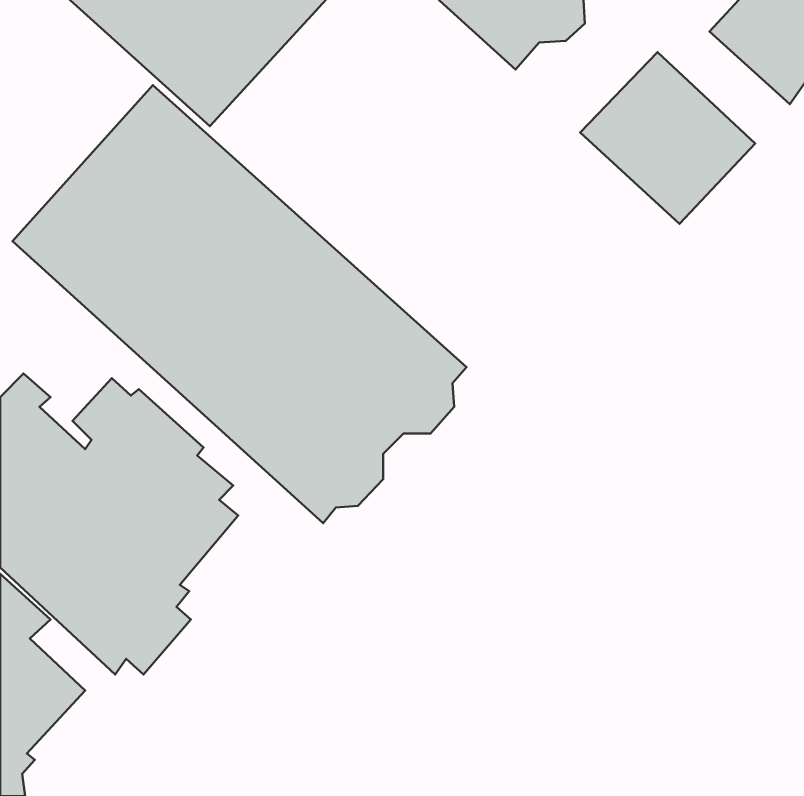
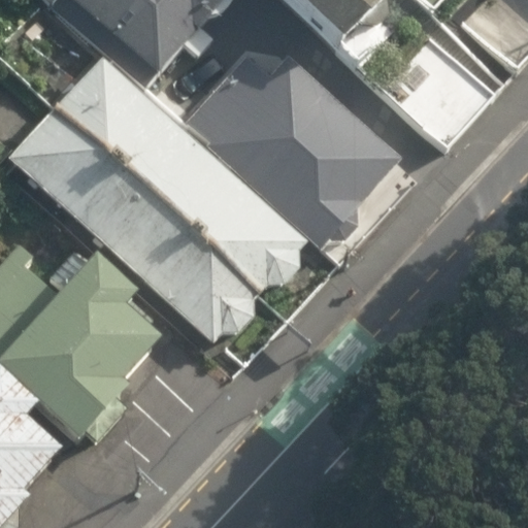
building: none -> [187,55,400,251]

